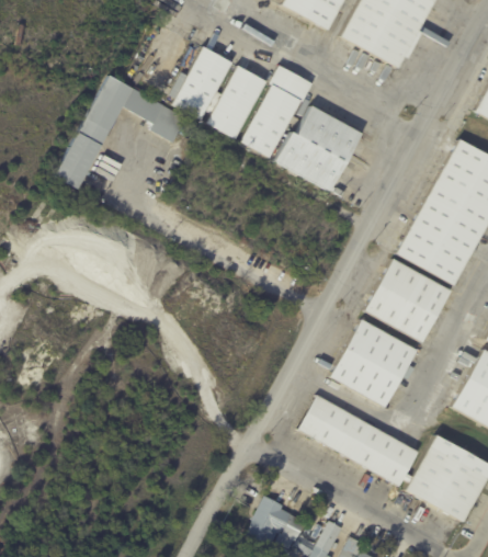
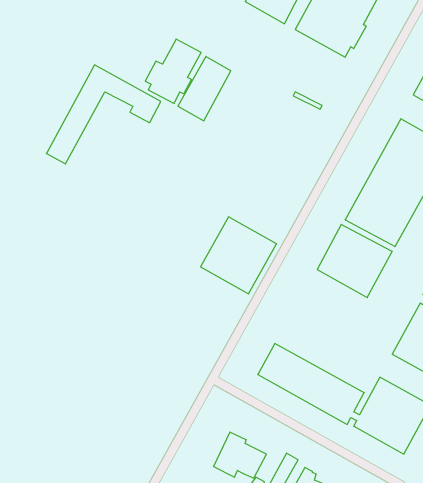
building: [241,67,313,159] -> none
building: [274,105,361,191] -> none
building: [329,319,416,407] -> [201,217,277,294]

